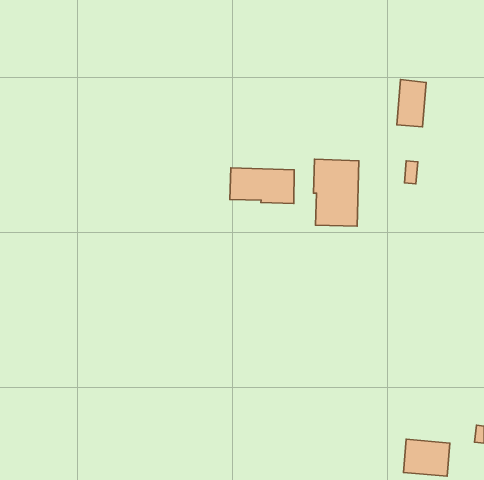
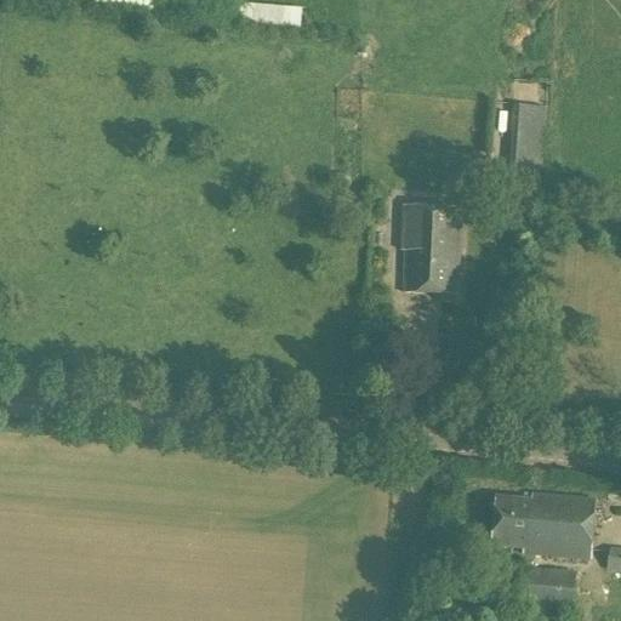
building: [230,168,294,203] -> none
building: none -> [492,494,596,558]

